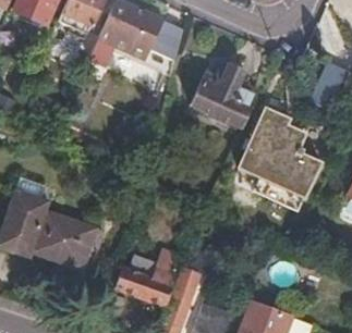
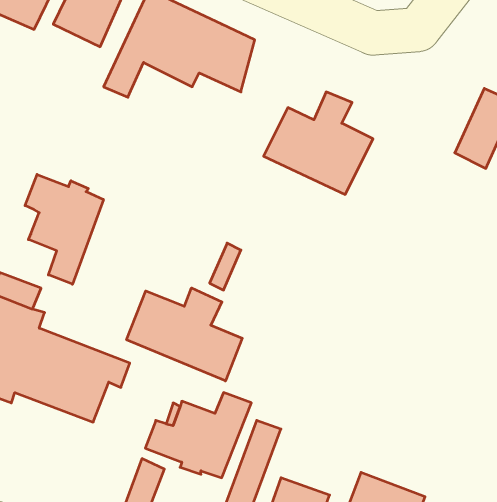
building: [236,108,318,198] -> none
building: none -> [25,174,103,284]
building: none -> [127,288,242,381]

